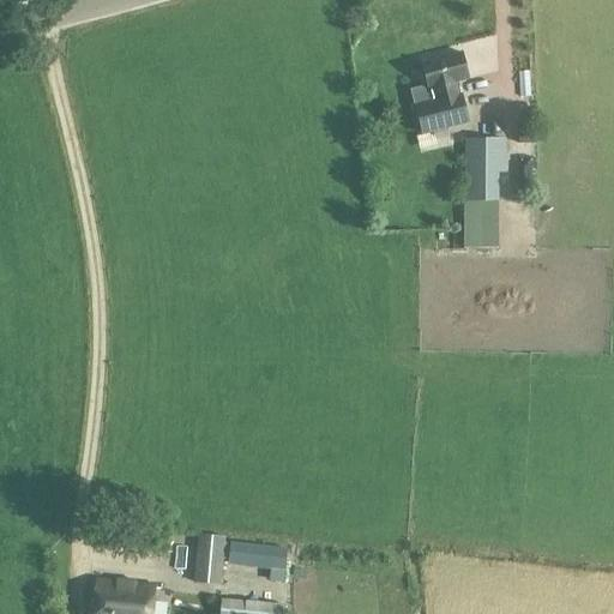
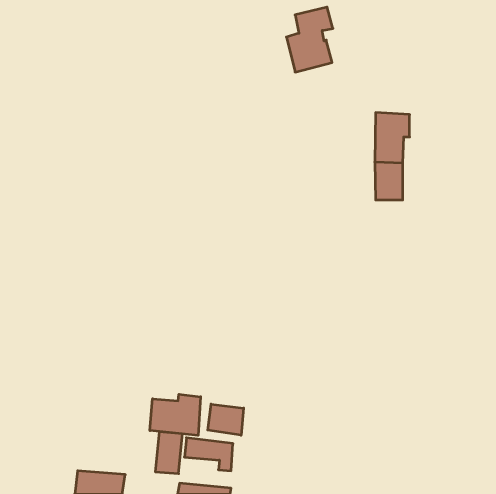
building: [411,53,469,133] -> [286,7,333,72]
building: none -> [150,394,201,435]
building: none -> [208,404,244,435]

